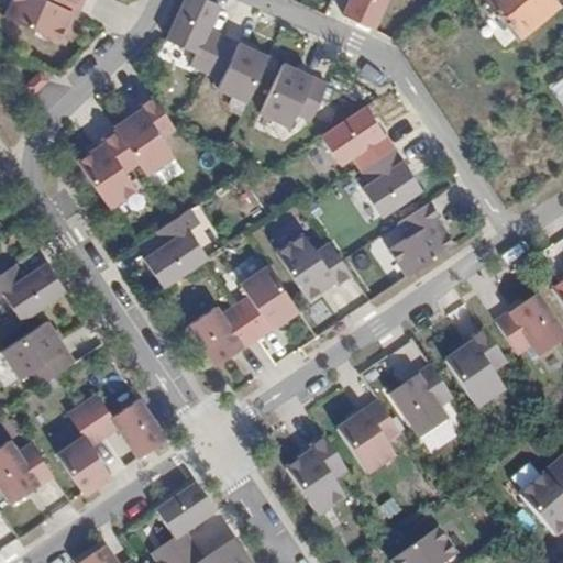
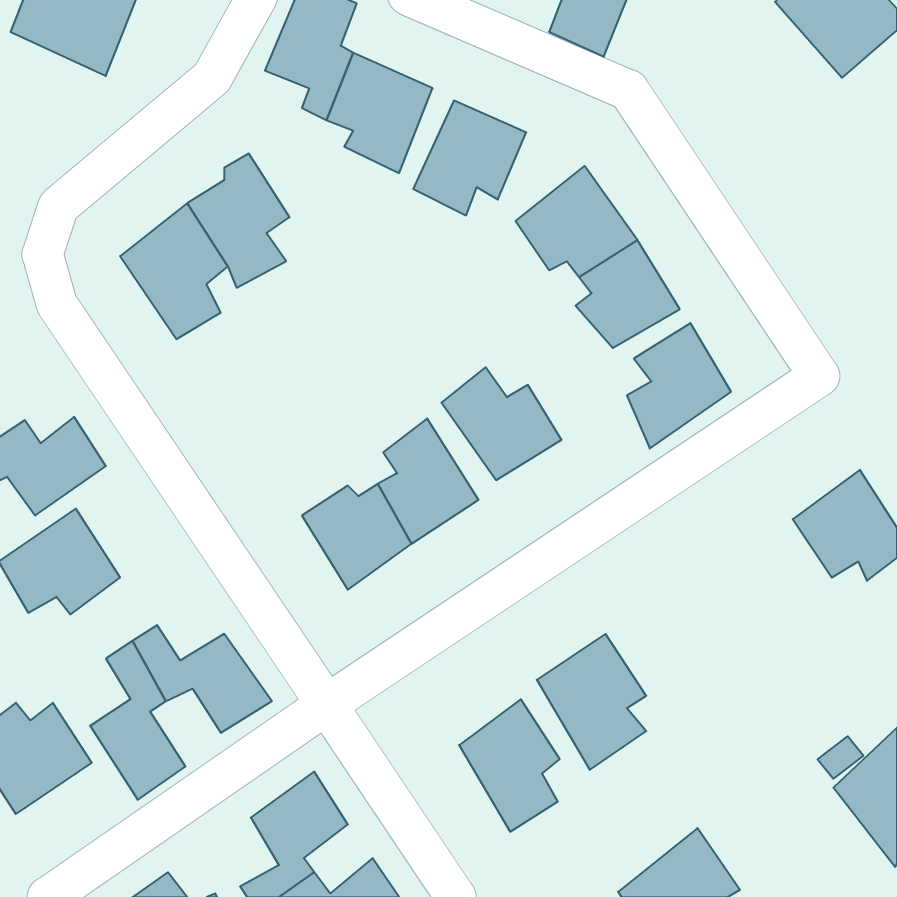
building: [144,205,209,290] -> none
building: [439,329,509,411] -> none
building: [389,363,454,441] -> none

